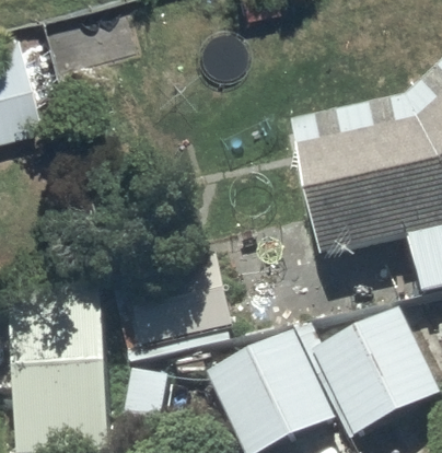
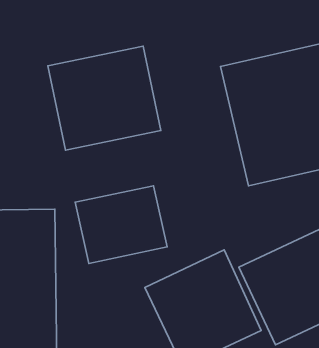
building: none -> [48,46,161,150]

